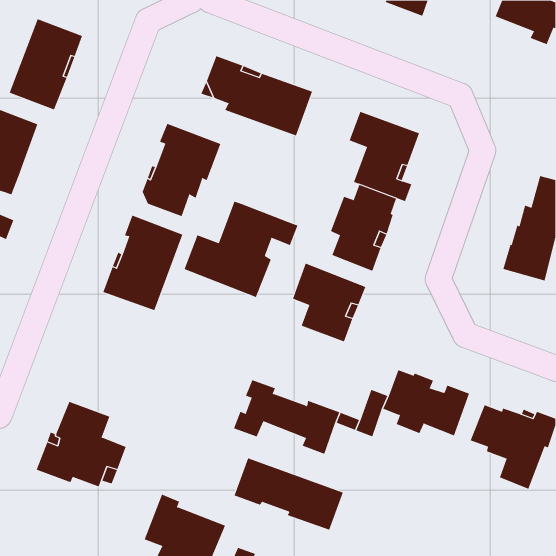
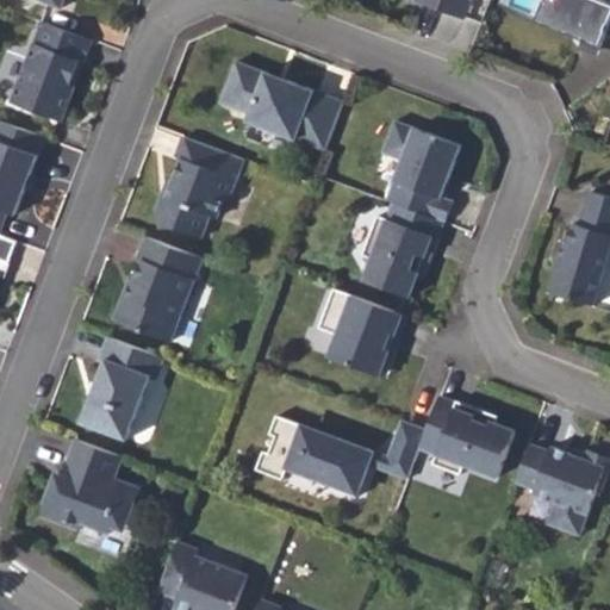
building: [184,201,298,298] -> none
building: none -> [80,337,162,440]
building: [234,457,344,531] -> none

